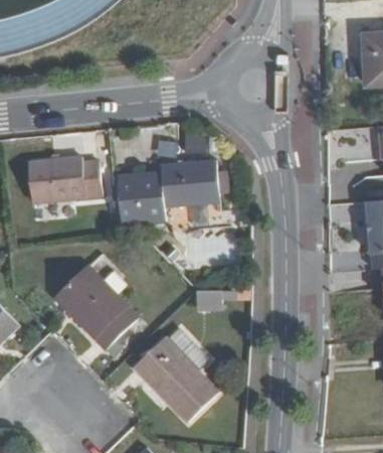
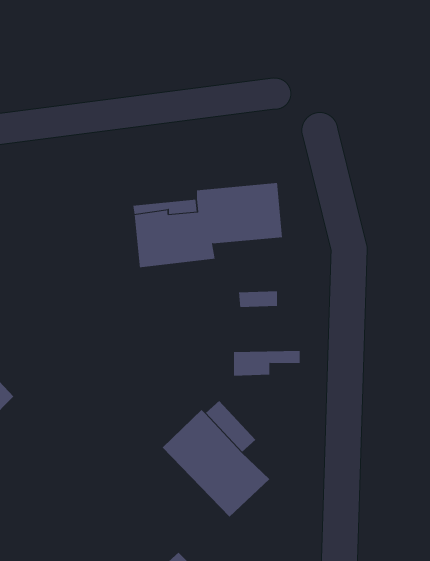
building: [31,155,106,199] -> none
building: [60,261,144,345] -> none

